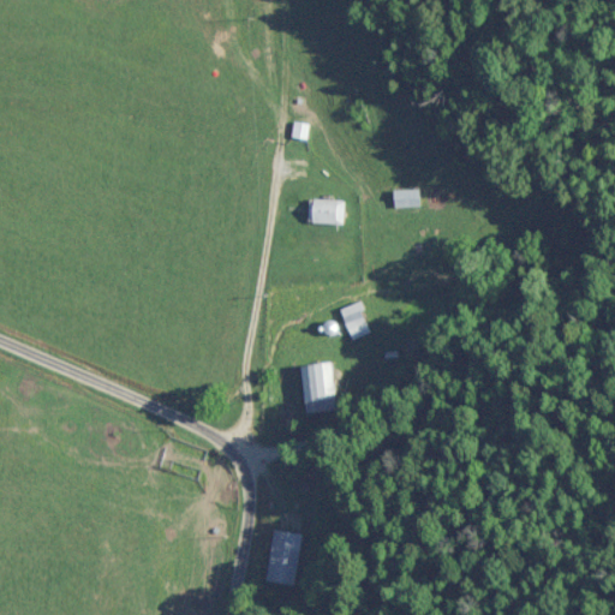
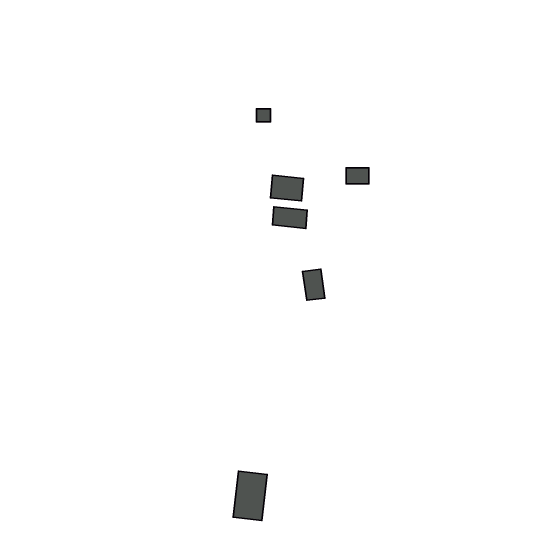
building: none -> [273,207,307,228]
building: [300,360,338,412] -> none

